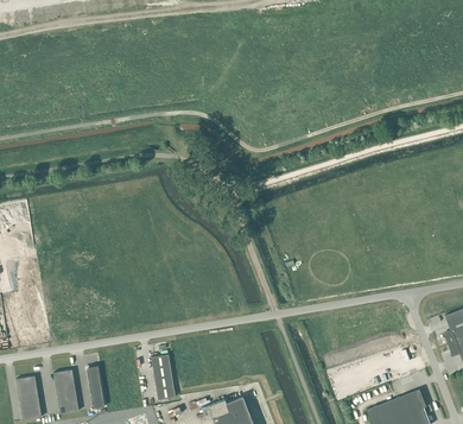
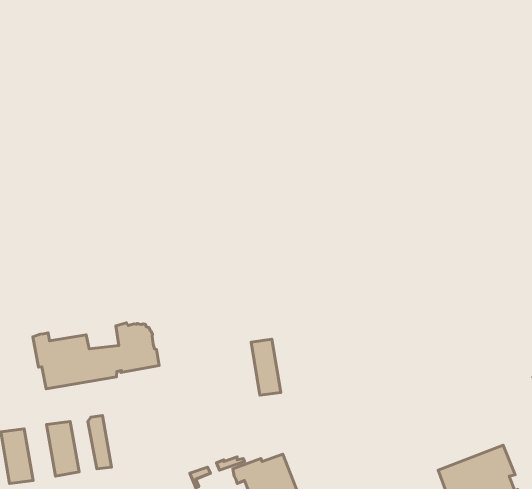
building: none -> [33,323,159,389]
building: [151,354,175,399] -> [251,339,281,395]

